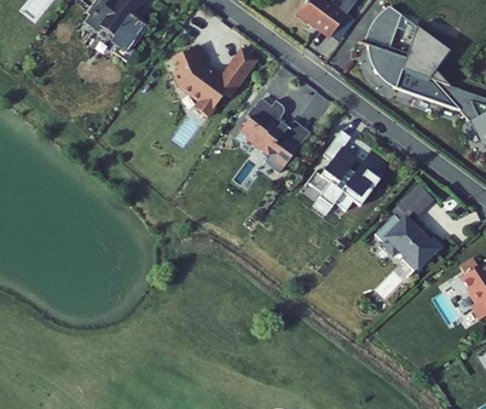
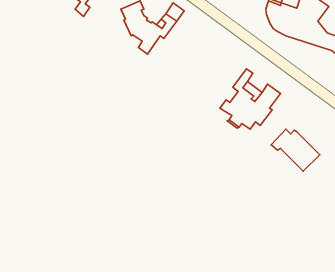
building: [243,97,312,168] -> none
building: [389,183,432,219] -> none

